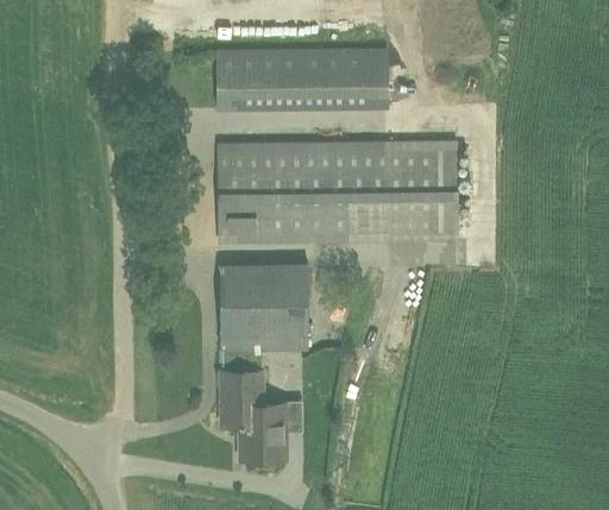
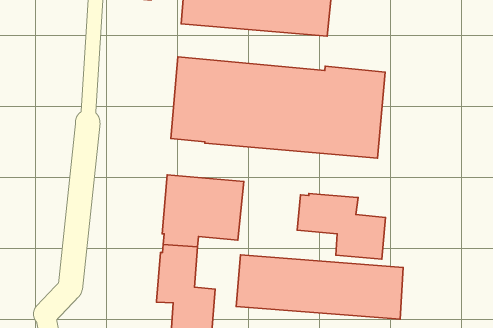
building: none -> [297,193,386,259]
building: none -> [236,255,403,319]

